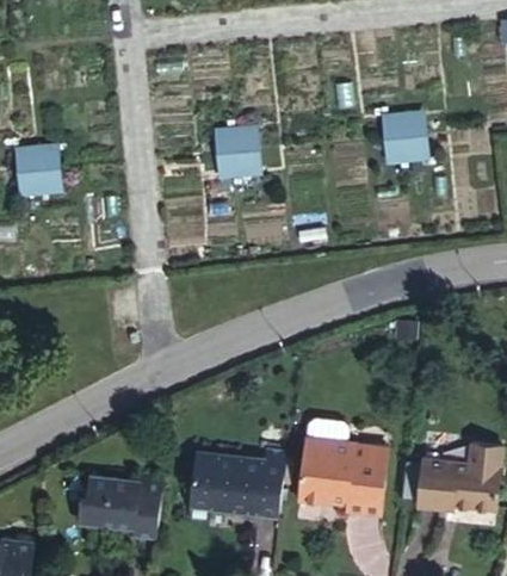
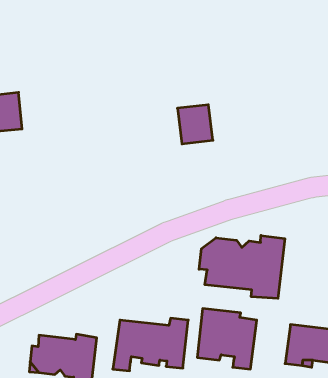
building: [383,113,431,163] -> none
building: [215,128,262,180] -> [177,105,213,144]
building: none -> [199,235,285,298]

